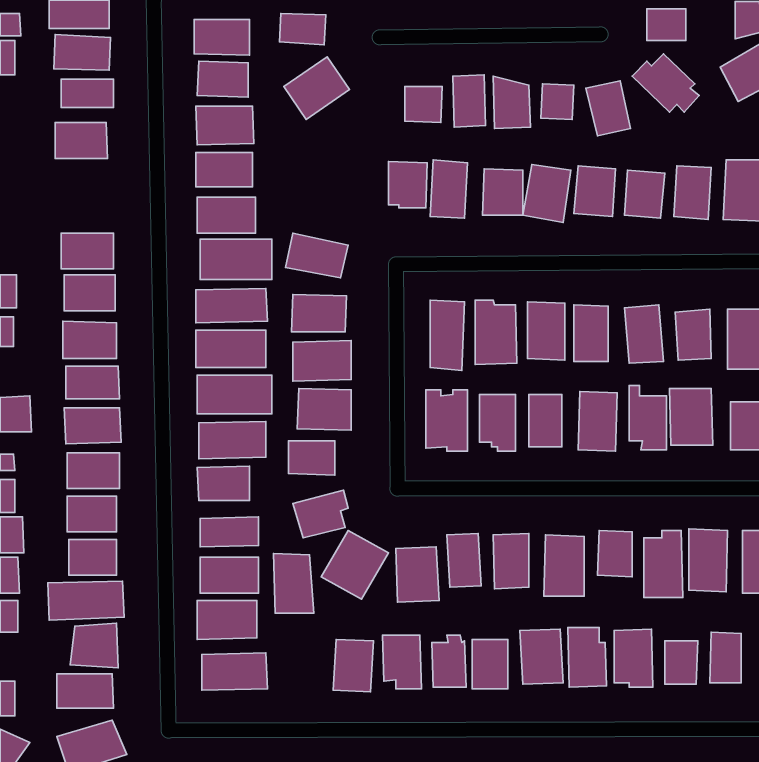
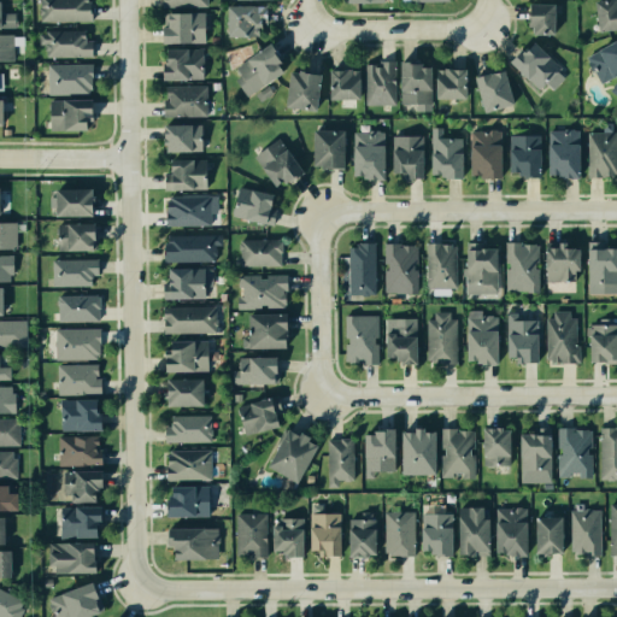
building: none -> [288,69,318,108]
building: none -> [258,139,304,188]
building: [274,553,314,613] -> [235,509,268,557]

